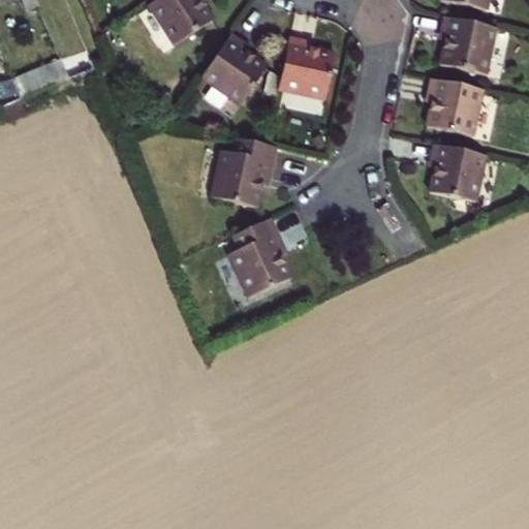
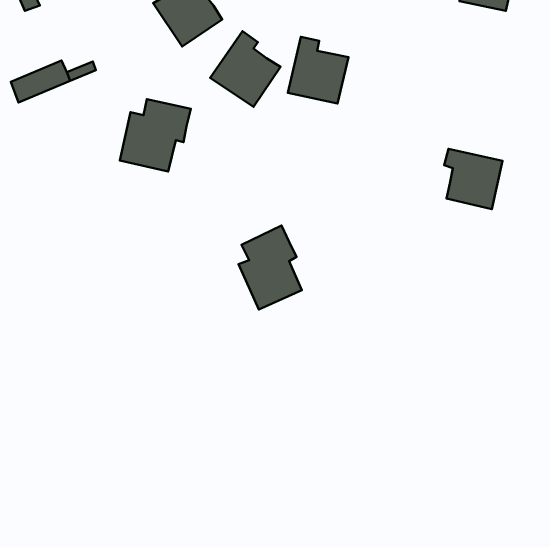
building: [439,15,497,72] -> none
building: [427,77,484,136] -> none
building: [210,137,278,207] -> [120,99,191,171]

